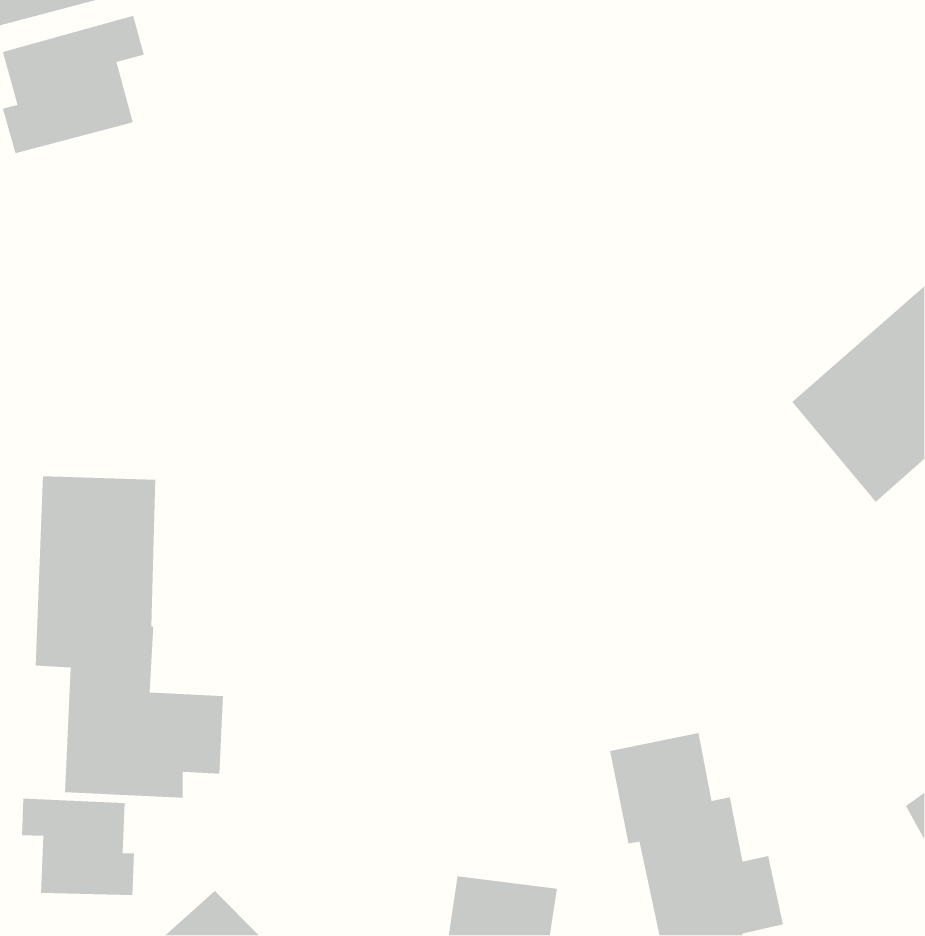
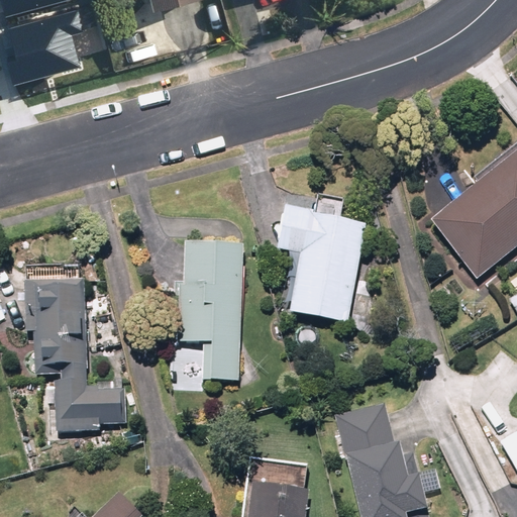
building: none -> [275,204,368,323]
building: none -> [180,241,245,382]
building: [21,798,135,896] -> none

